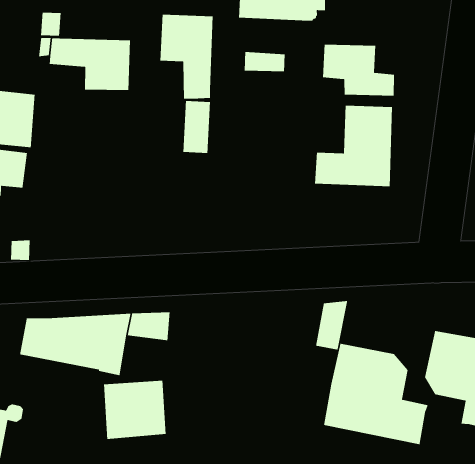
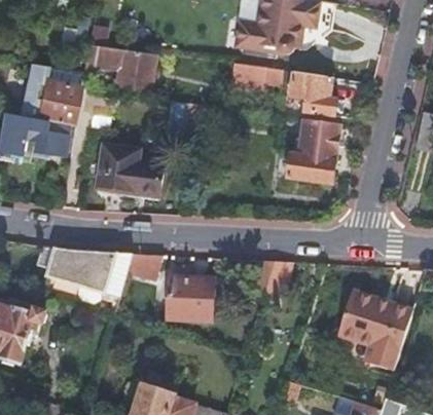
building: [160,14,213,100] -> none
building: none -> [97,145,164,193]
building: [323,343,429,445] -> none
building: [103,380,166,440] -> [168,278,214,320]

